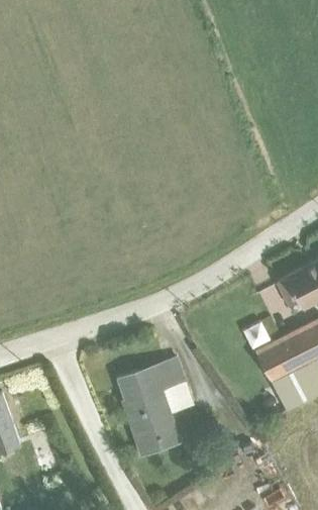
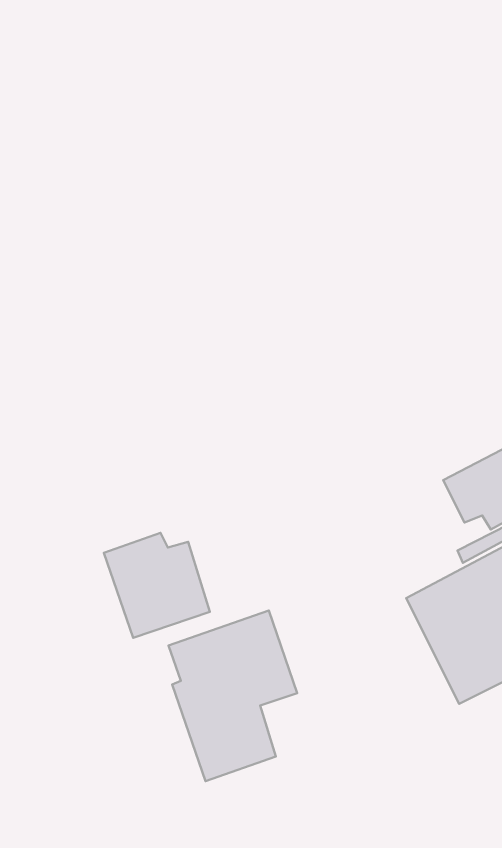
building: none -> [104,533,210,638]

